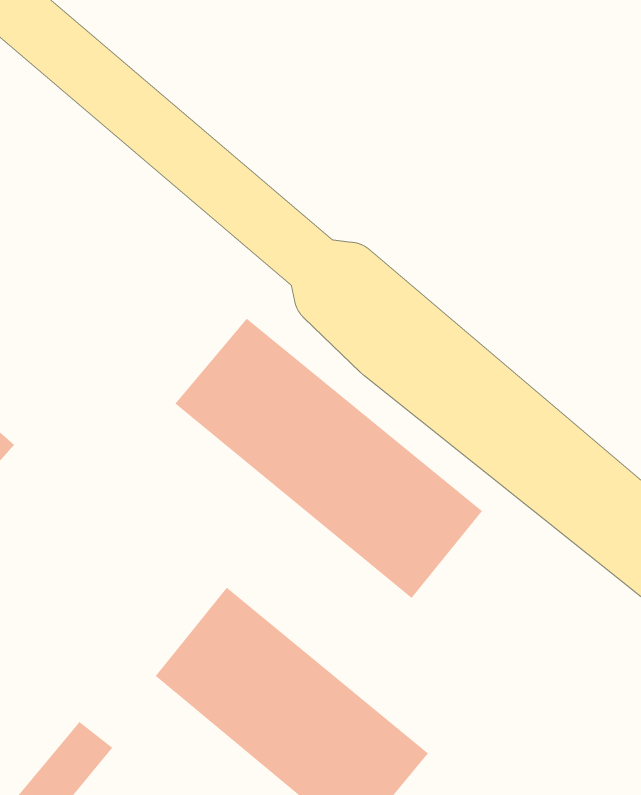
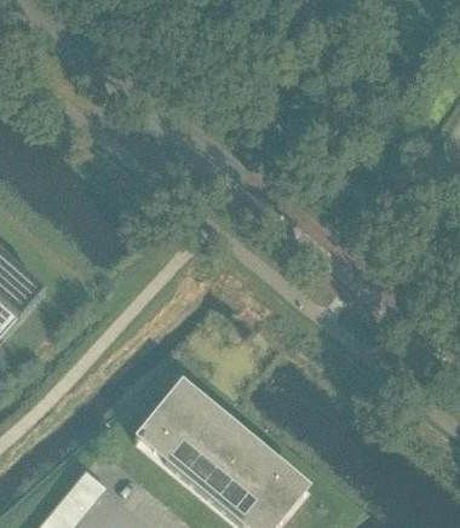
building: [175,318,483,599] -> none

